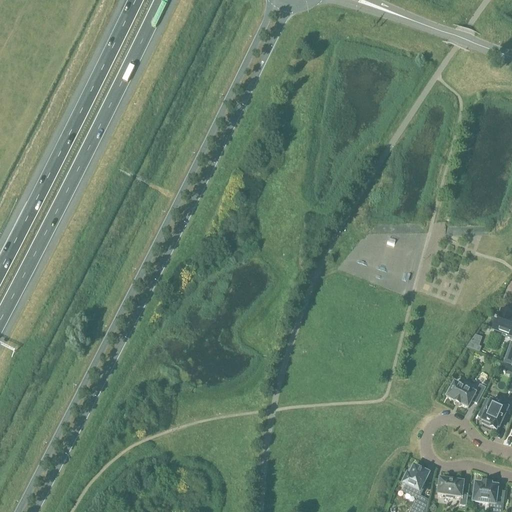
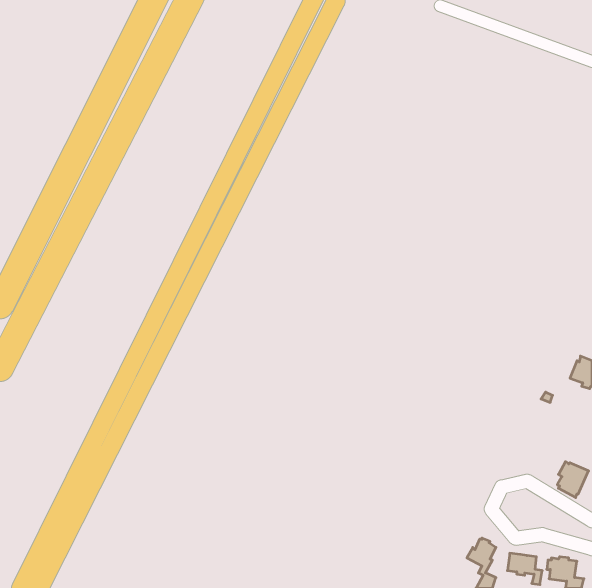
building: [446,380,485,406] -> none

